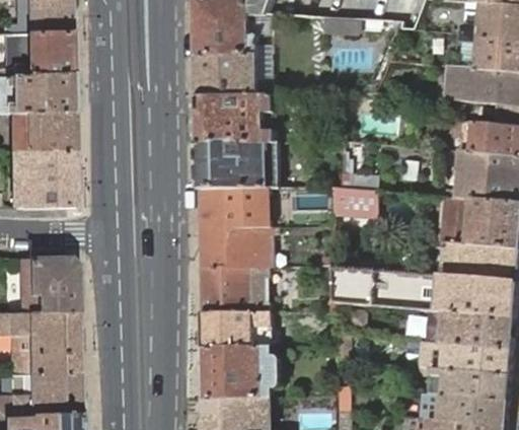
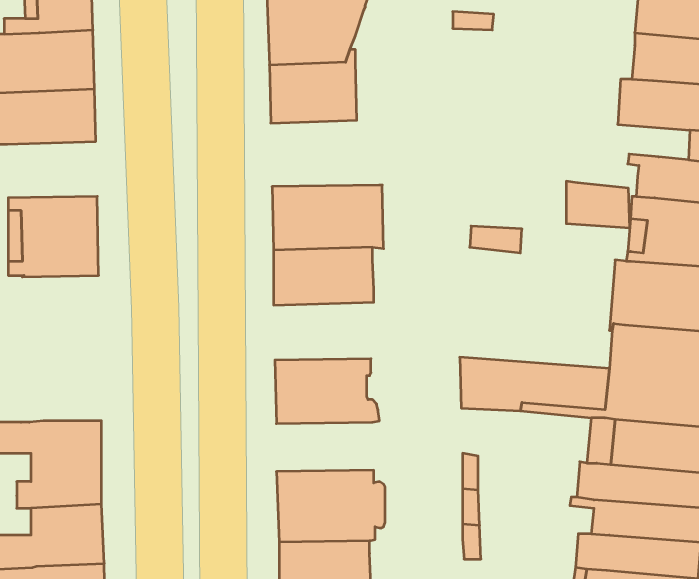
building: [198,95,276,144] -> none
building: [8,112,73,152] -> none
building: [332,187,378,220] -> [566,181,630,228]
building: [200,227,278,269] -> none
building: [16,258,76,313] -> none
building: [202,313,272,349] -> none

